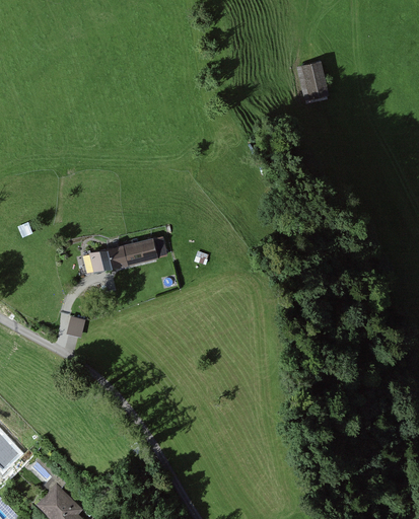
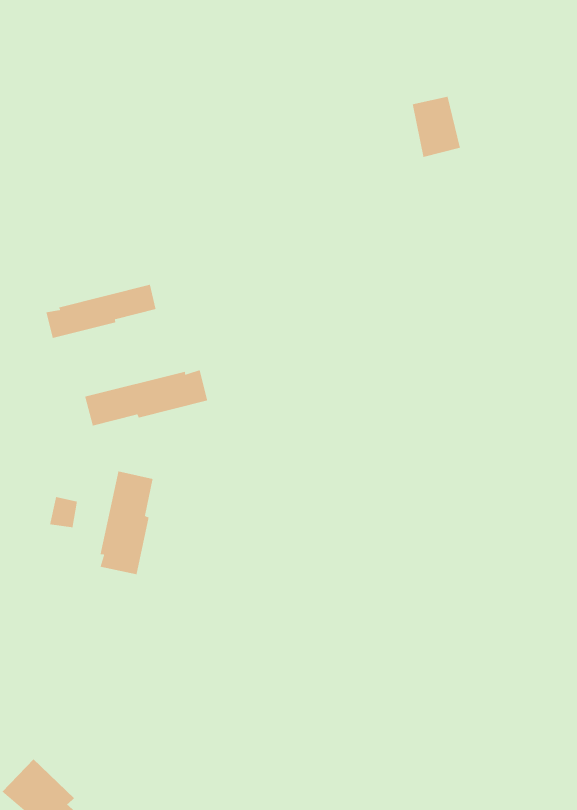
building: none -> [45,284,157,339]
building: none -> [99,471,154,575]

